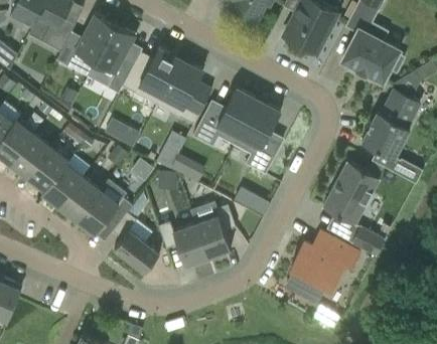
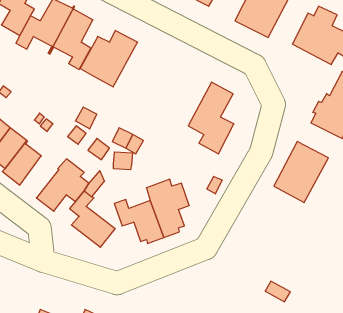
building: [157,59,211,124] -> none
building: [193,89,259,147] -> none
building: [60,177,101,220] -> none
building: [351,225,386,256] -> none
building: [286,232,358,303] -> none

